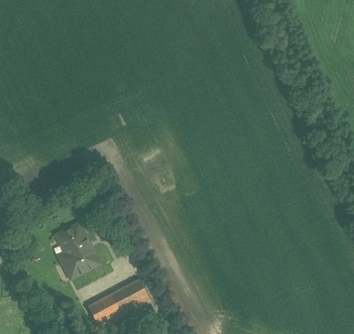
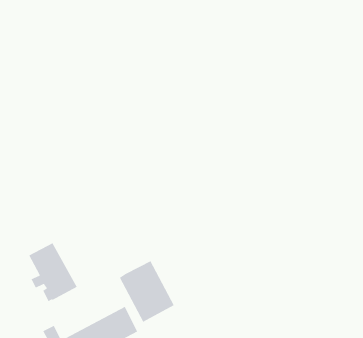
building: none -> [119,260,175,323]

